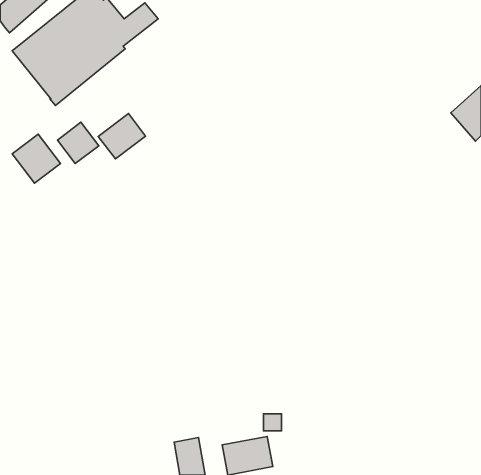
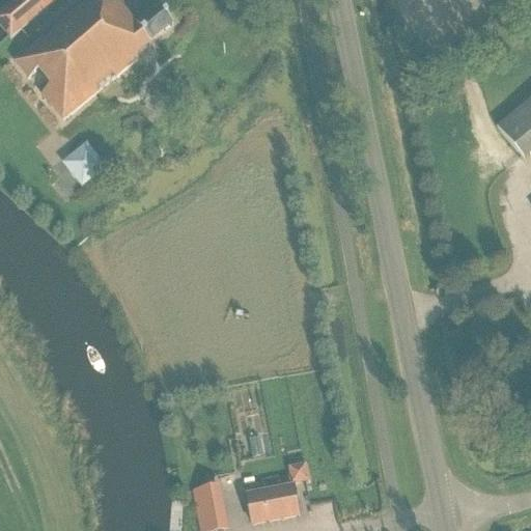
building: [98,114,145,159] -> none
building: [12,134,61,183] -> none

